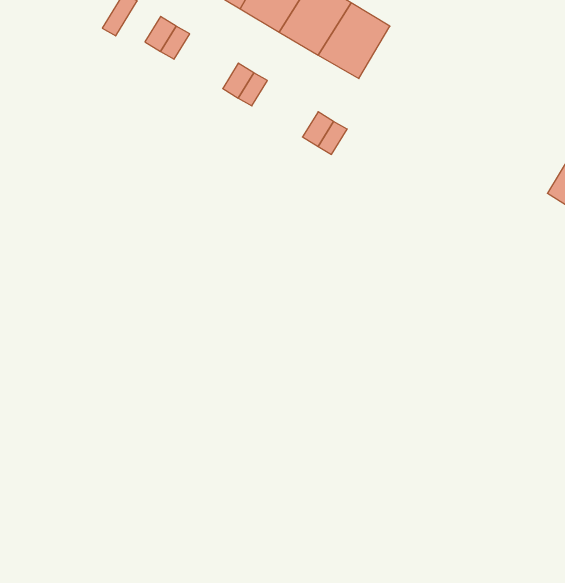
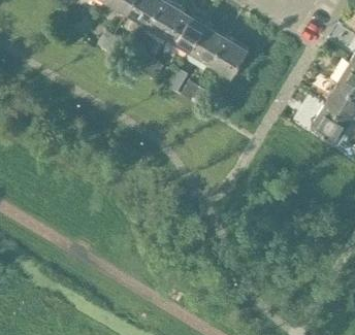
building: none -> [211,38,248,79]

